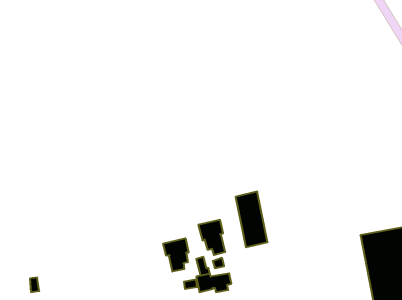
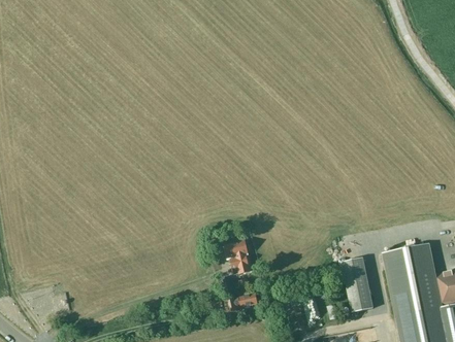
building: [236,192,268,247] -> [340,256,372,312]
building: [163,238,188,272] -> none

